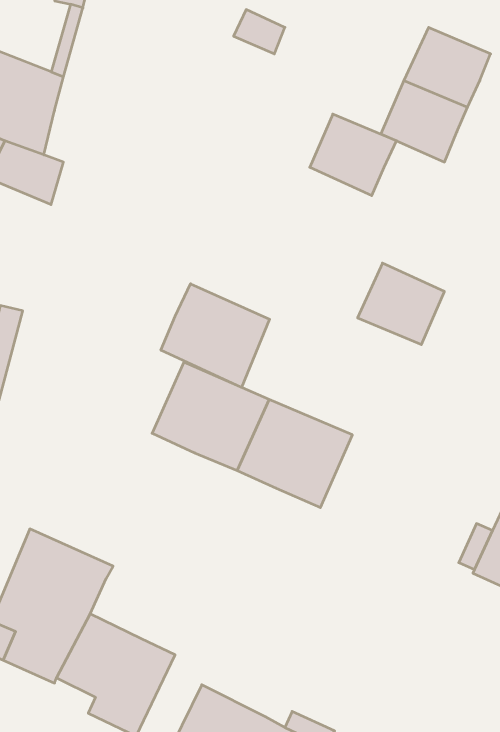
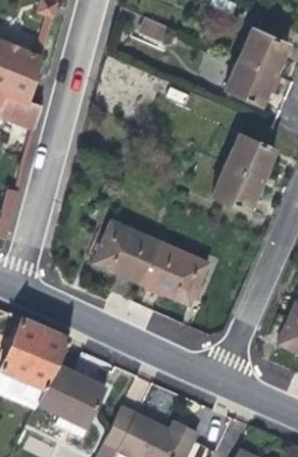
building: [310,114,397,196] -> [226,133,276,180]
building: [161,284,270,387] -> none

